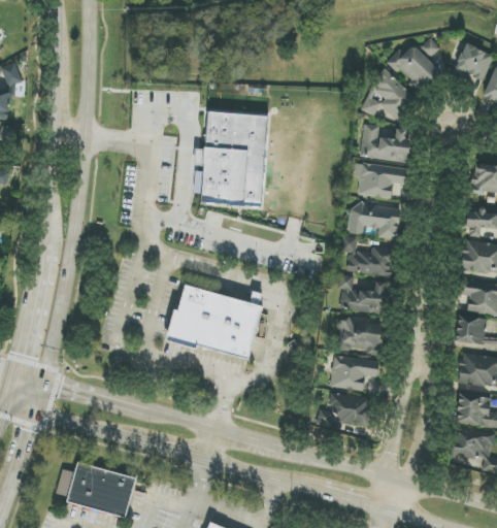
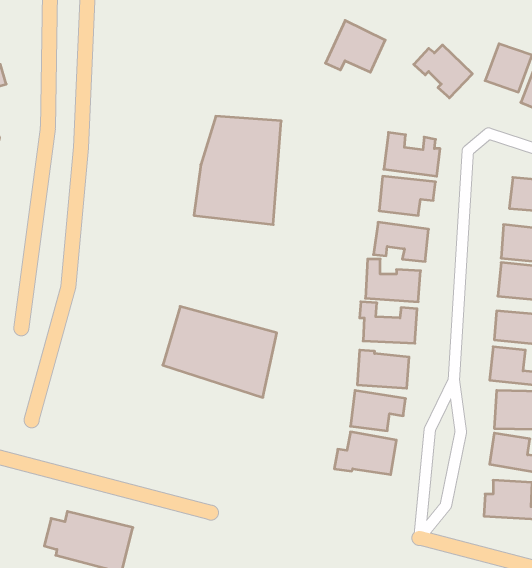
building: [361,72,415,119] -> [325,20,385,72]

